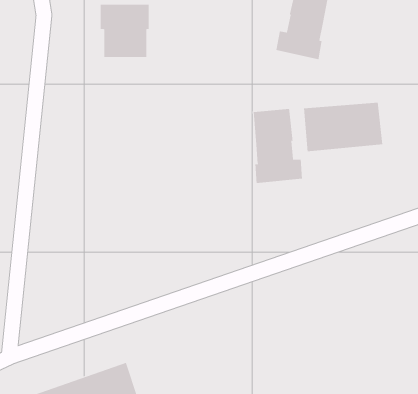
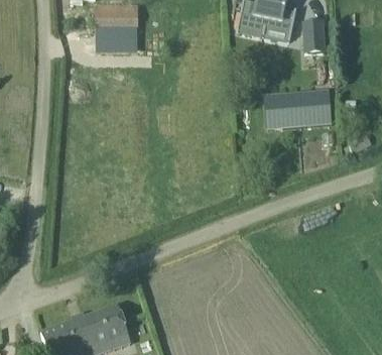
building: none -> [302,19,326,52]
building: [253,108,303,184] -> none

